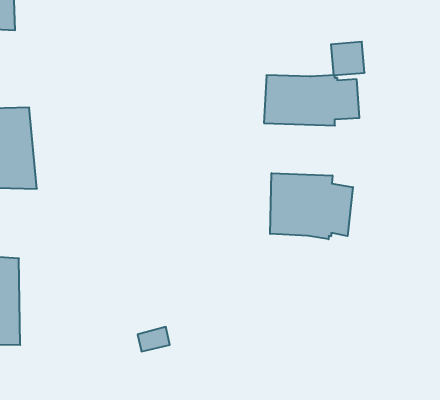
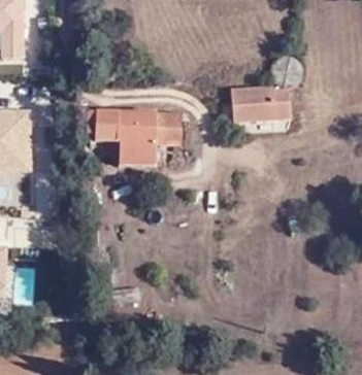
building: none -> [81,107,180,164]
building: [270,173,353,239] -> none

